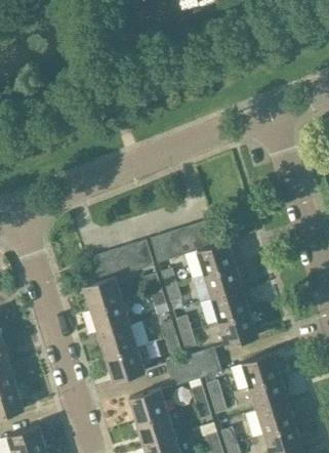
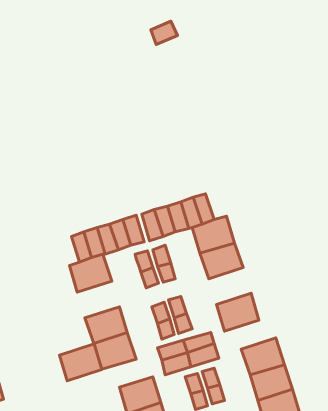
building: [211,288,250,322] -> none
building: [90,300,129,334] -> [59,344,102,381]

